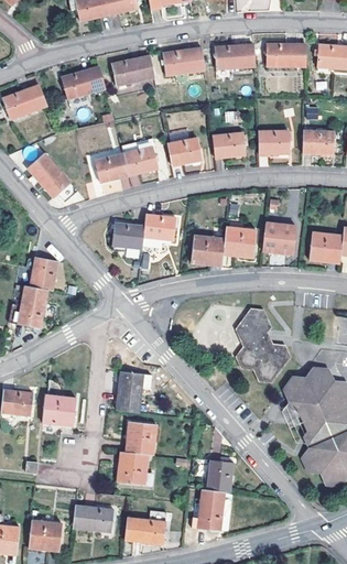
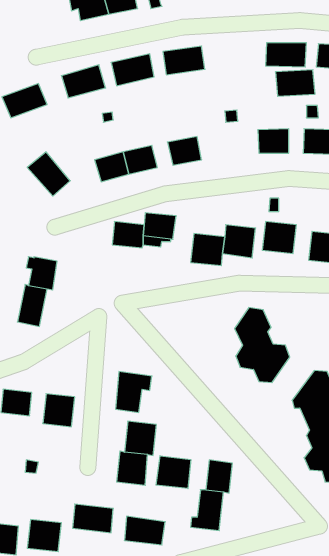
building: [215,43,254,69] -> [275,70,315,96]
building: [213,131,245,158] -> none
building: none -> [156,456,191,489]

